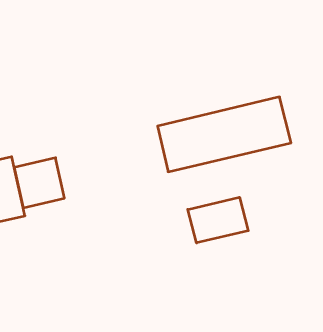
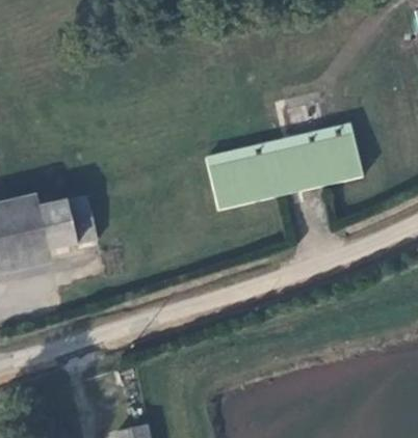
building: [188,197,248,243] -> none

